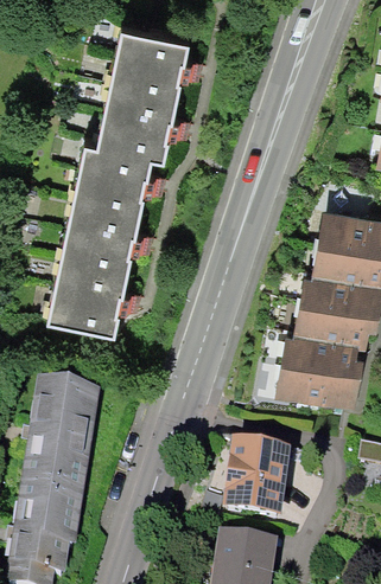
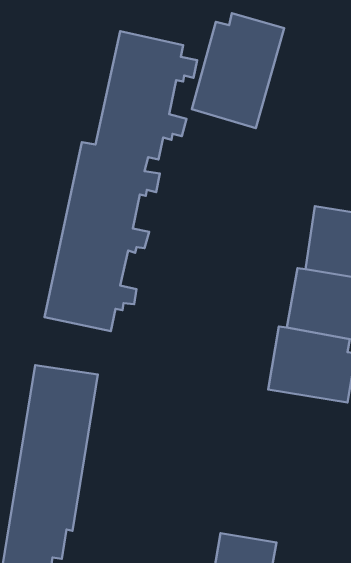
building: none -> [192,13,284,128]
building: [222,434,291,509] -> none

